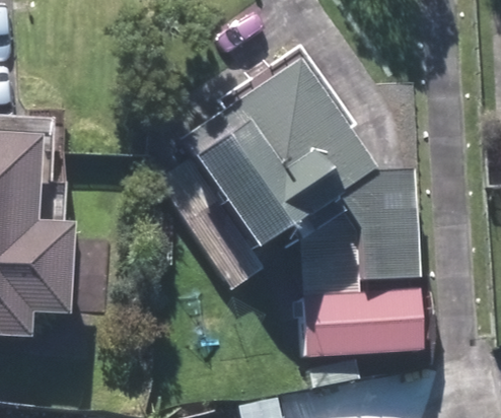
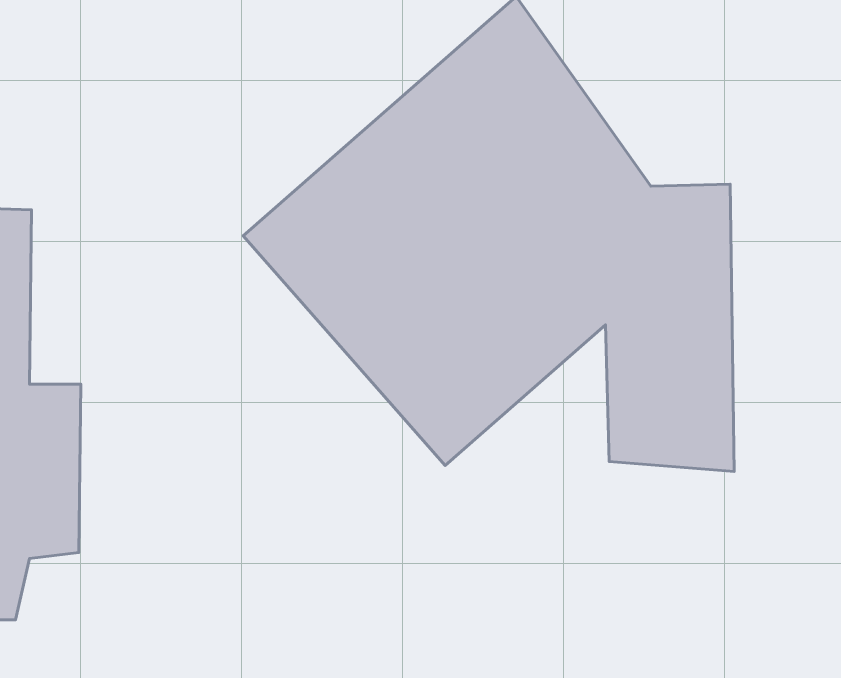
building: [318,289,428,373] -> none

